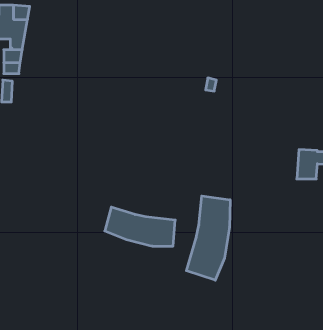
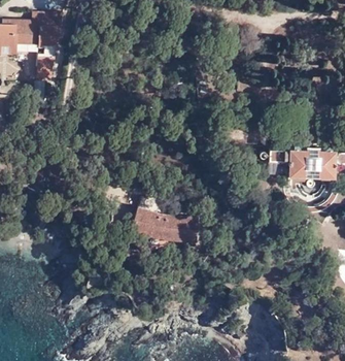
building: none -> [268,152,307,178]
building: [186,196,230,280] -> none

